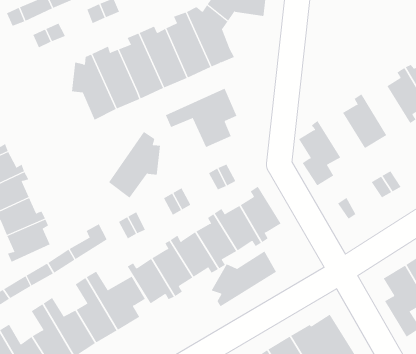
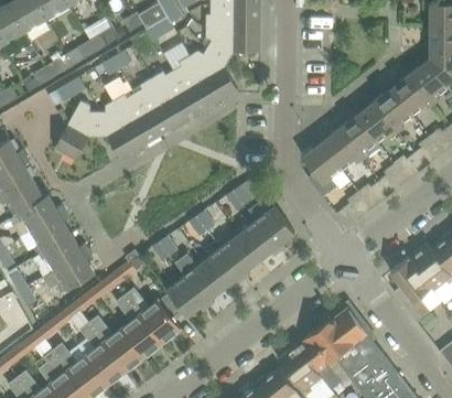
building: none -> [354,101,399,144]
building: [165,88,237,148] -> none
building: none -> [318,129,362,169]
building: [108,131,161,198] -> [54,99,97,160]
building: [211,250,277,307] -> none

